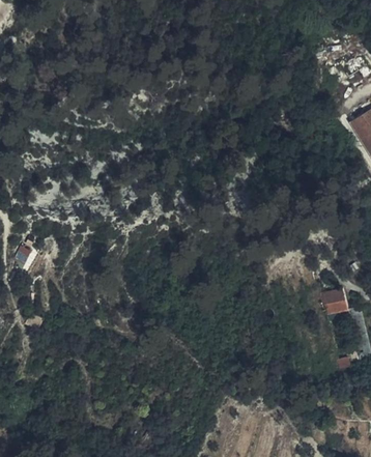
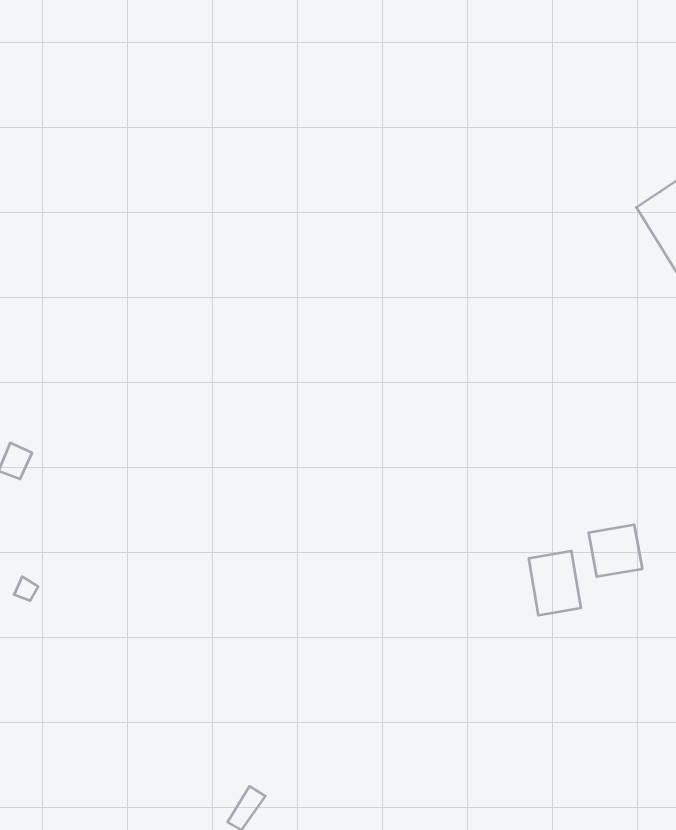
building: none -> [529,551,581,615]

